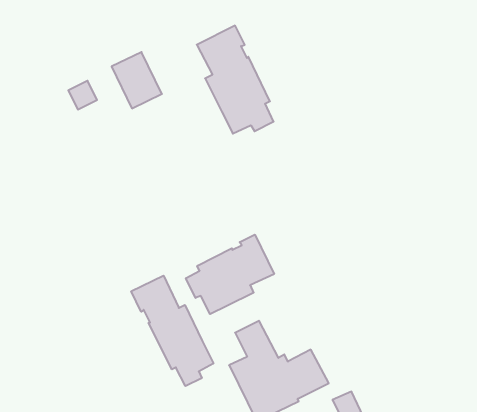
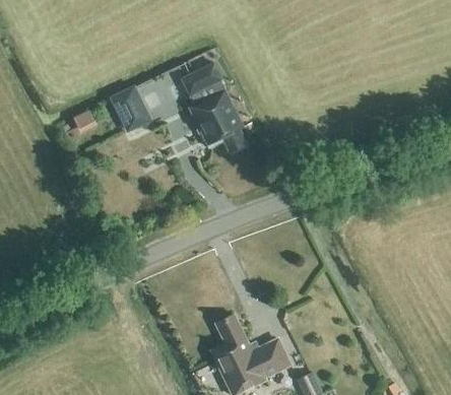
building: [186,235,274,314] -> none
building: [131,276,213,386] -> none

